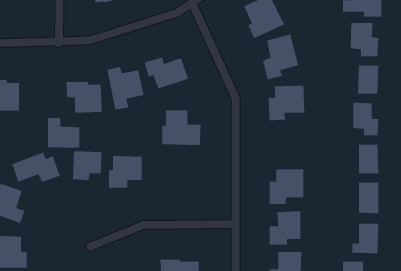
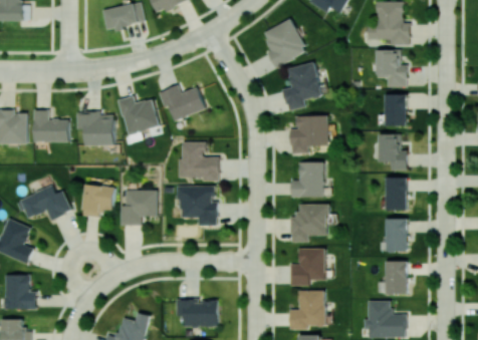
building: [47,117,80,149] -> [33,109,68,142]
building: none -> [290,161,323,198]
building: none -> [178,186,217,226]

